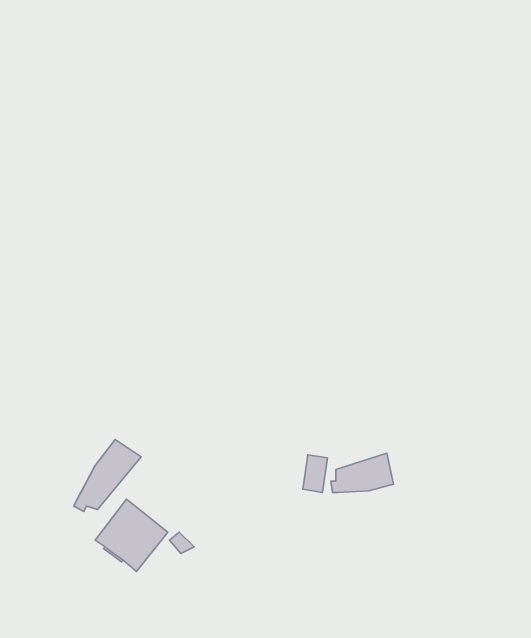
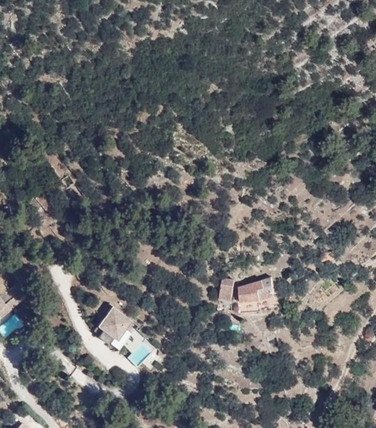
building: [74,440,141,512] -> none

